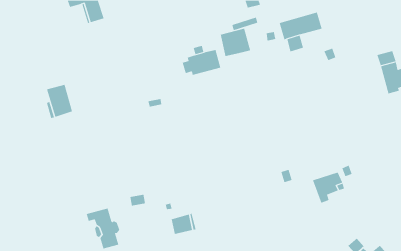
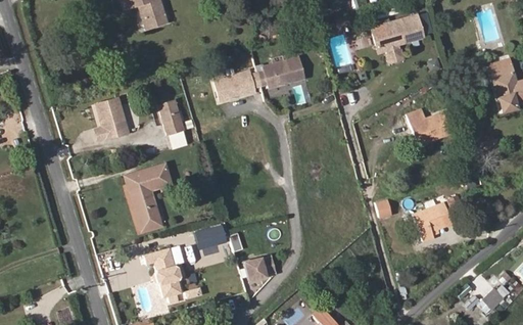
building: [220,28,251,57] -> none
building: none -> [216,73,262,103]
building: none -> [159,101,184,136]
building: none -> [408,111,451,146]
building: none -> [126,166,172,231]

